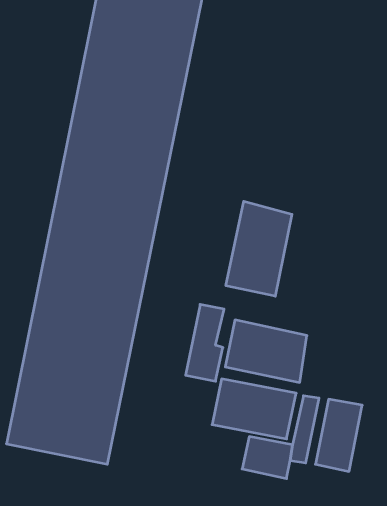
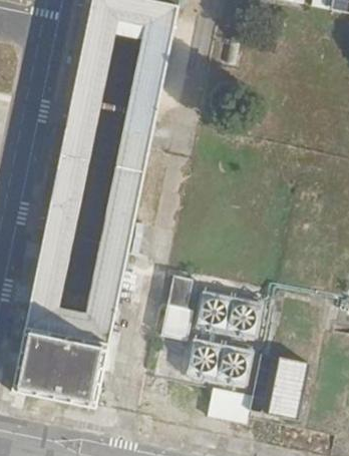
building: [226,201,292,296] -> none

